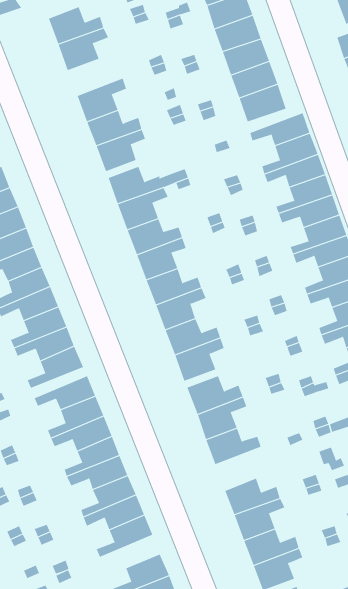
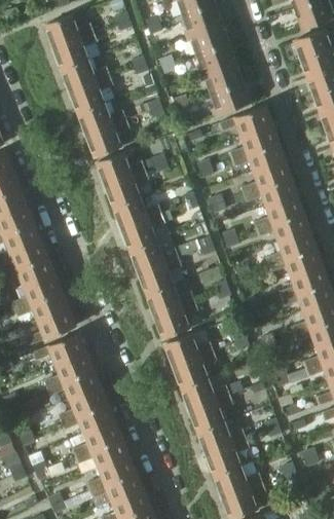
building: none -> [62,60,110,91]
building: none -> [189,395,233,433]
building: none -> [89,471,142,499]

